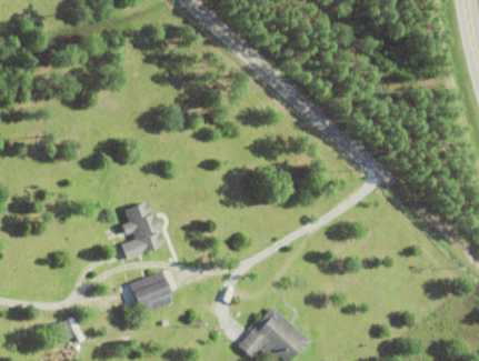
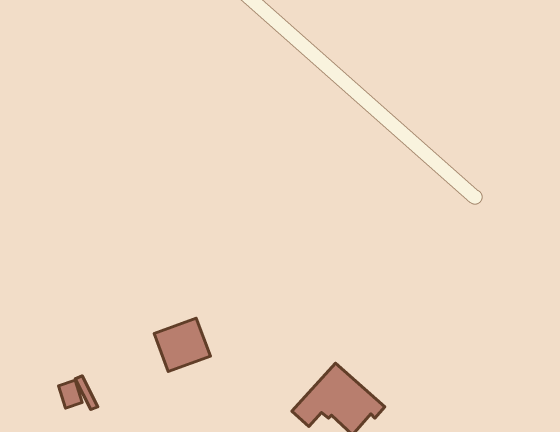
building: [121,201,163,259] -> none

